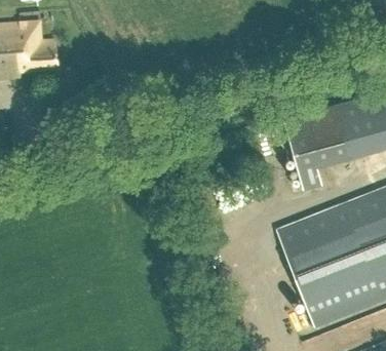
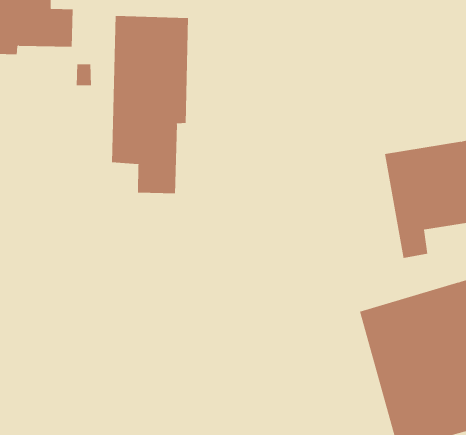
building: none -> [112,15,188,194]

